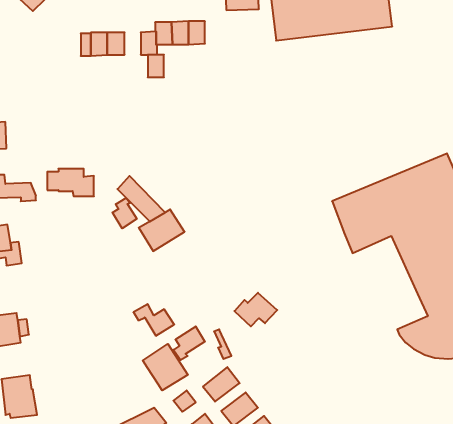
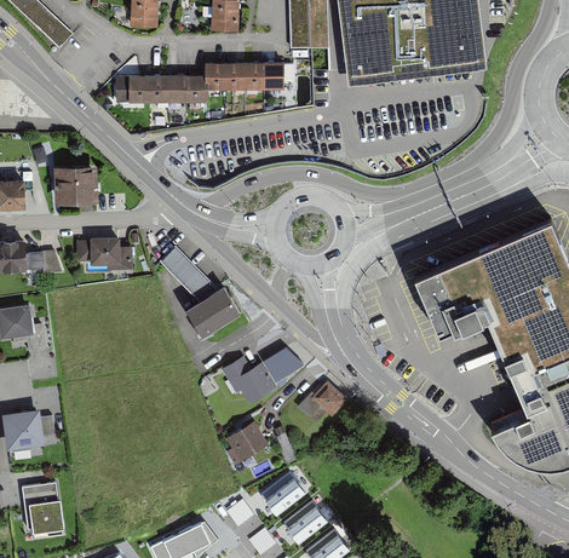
building: none -> [264,62,284,88]
building: [148,55,164,77] -> [168,75,188,102]
building: none -> [56,169,98,206]
building: [112,198,137,228] -> none
building: none -> [263,349,303,382]
building: [133,304,174,336] -> [223,362,271,399]
building: [143,344,188,390] -> none

